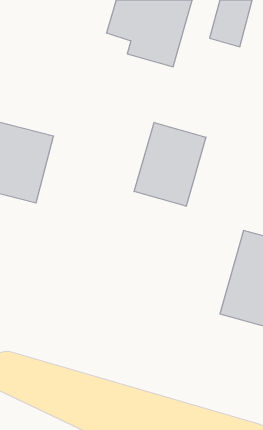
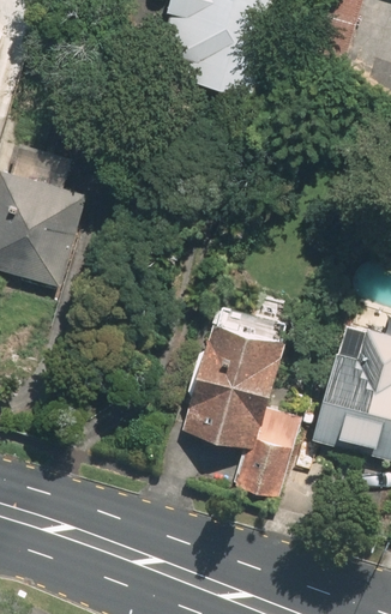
building: [134,122,206,206] -> none
building: none -> [184,318,297,498]

